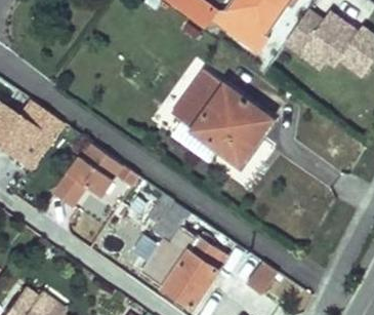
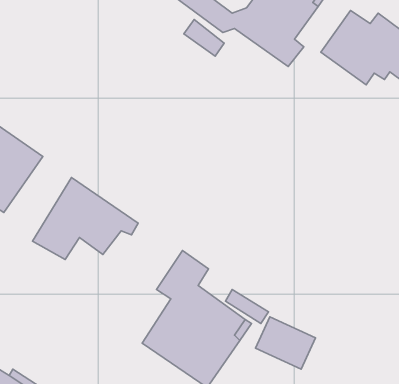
building: [176,73,271,163] -> none

